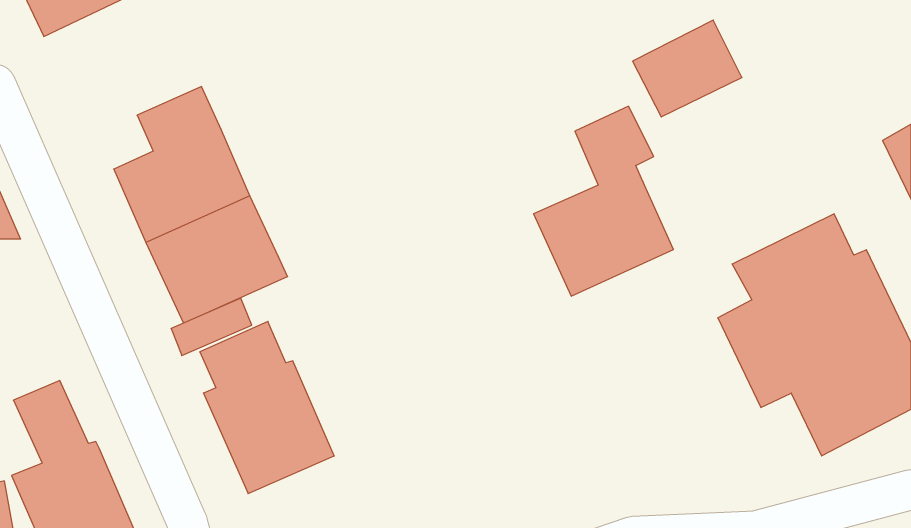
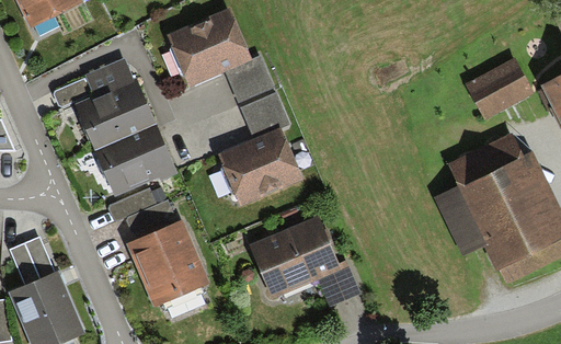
building: none -> [167,11,274,102]
building: [633,20,742,117] -> [466,58,533,117]
building: [534,106,673,296] -> [216,91,301,207]
building: none -> [249,215,359,305]

